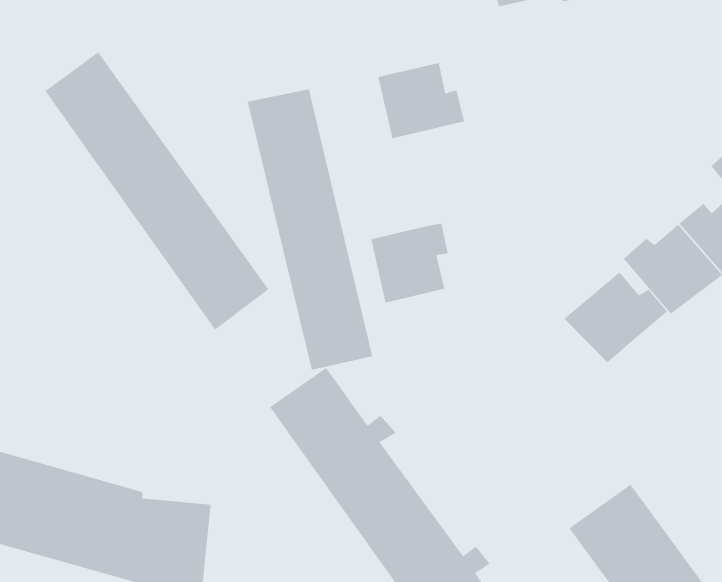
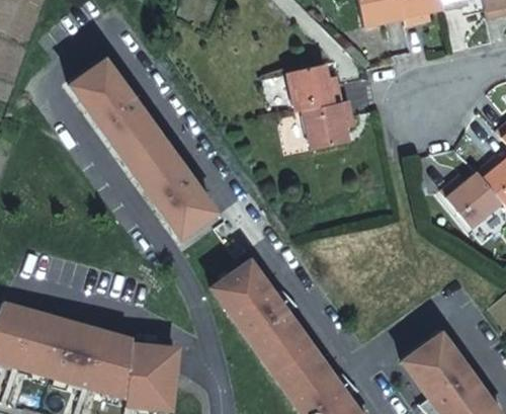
building: [247,88,373,371] -> none
building: [370,223,448,303] -> [301,102,350,153]
building: [564,271,668,363] -> none

